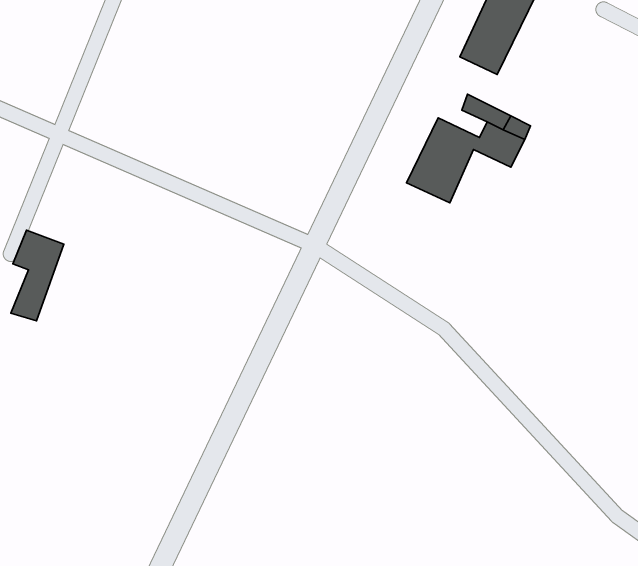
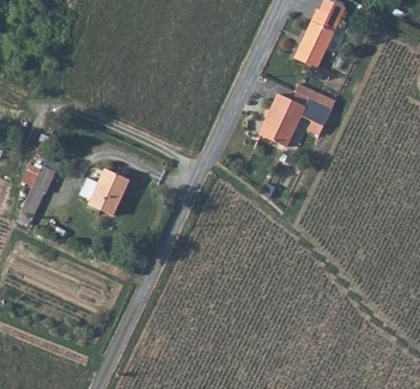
building: none -> [92,170,132,215]

